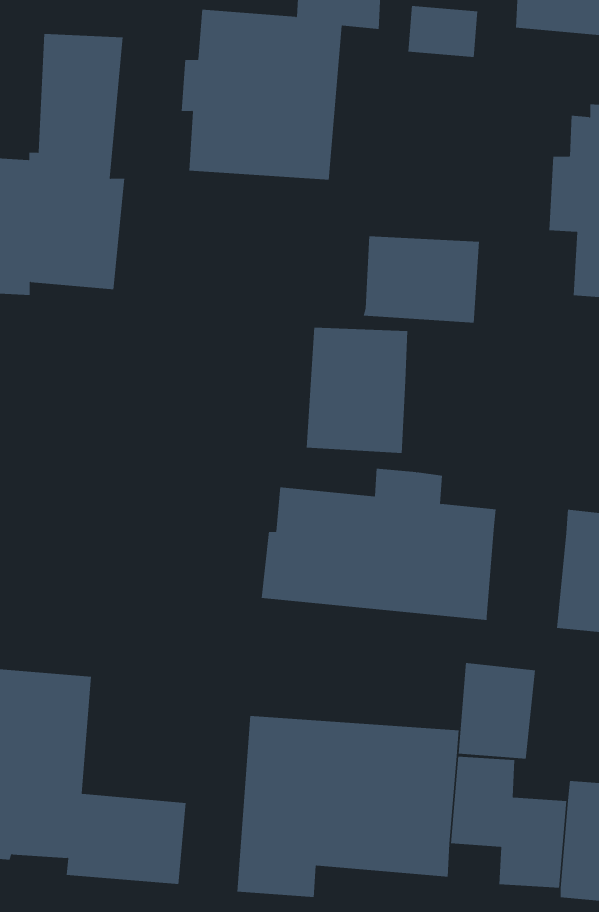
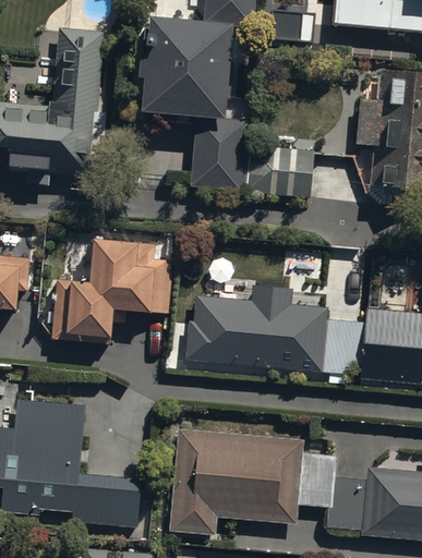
building: [306,327,408,453] -> [189,116,249,190]
building: none -> [51,236,172,344]
building: [458,663,536,759] -> [317,317,363,374]

